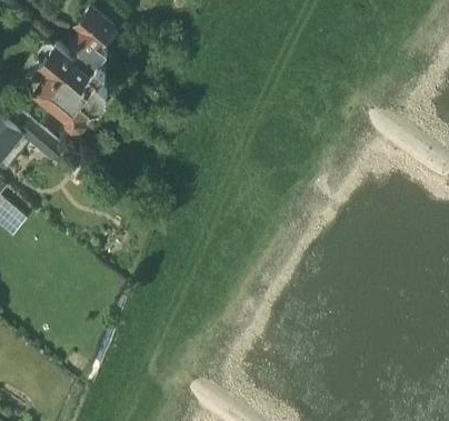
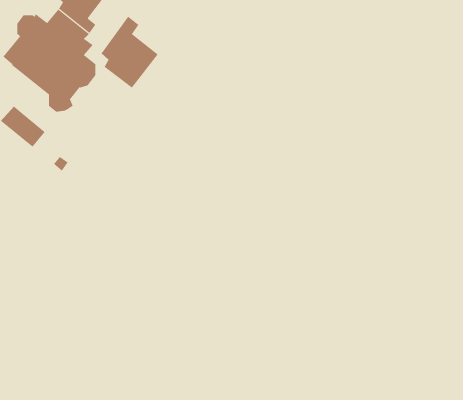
building: none -> [101,16,159,88]

